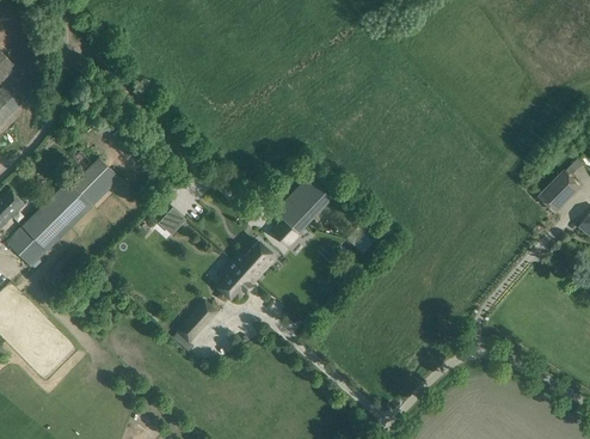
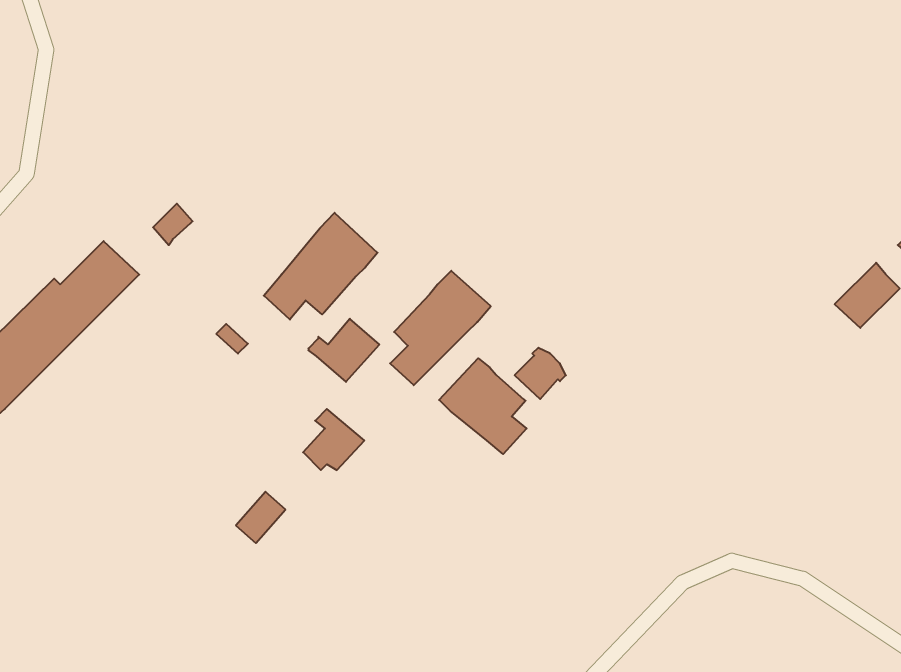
building: none -> [264,213,378,320]
building: none -> [439,358,527,454]
building: [233,240,276,279] -> [308,319,379,382]

